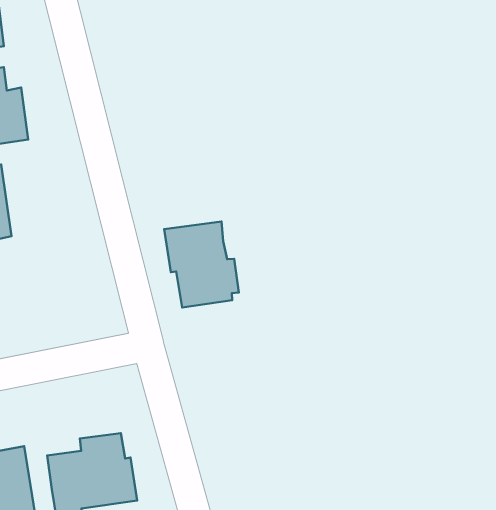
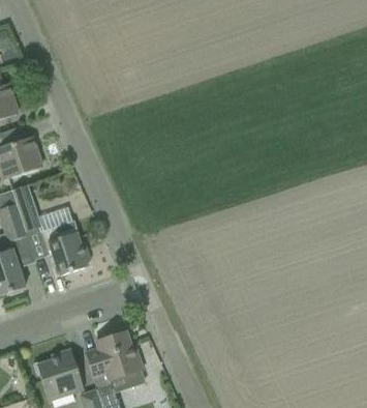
building: [164,222,239,307] -> [40,221,91,275]

